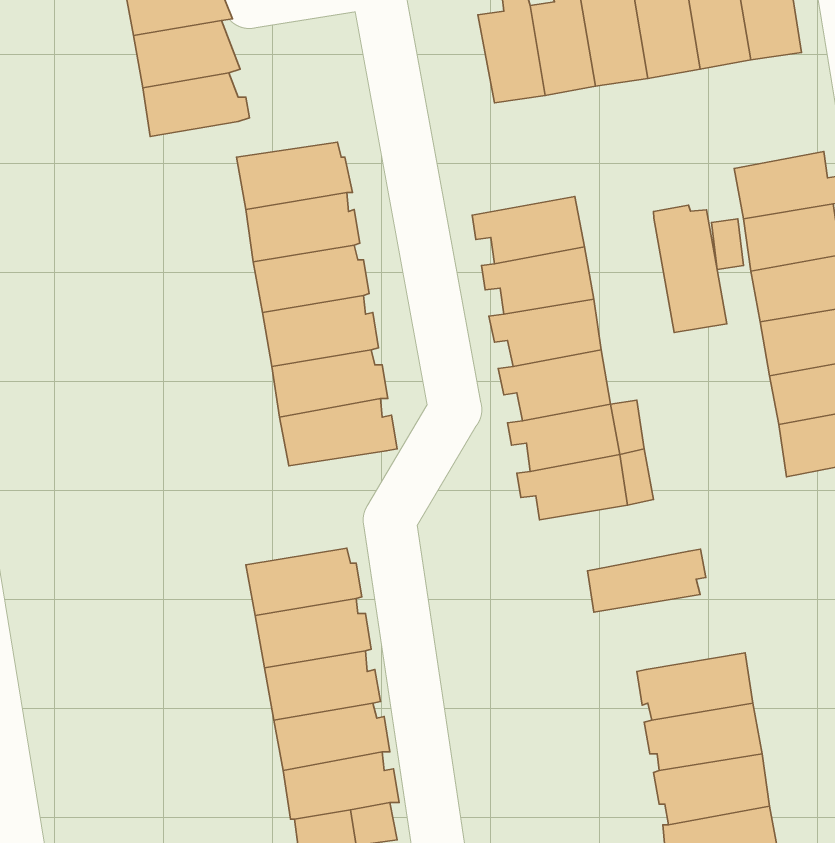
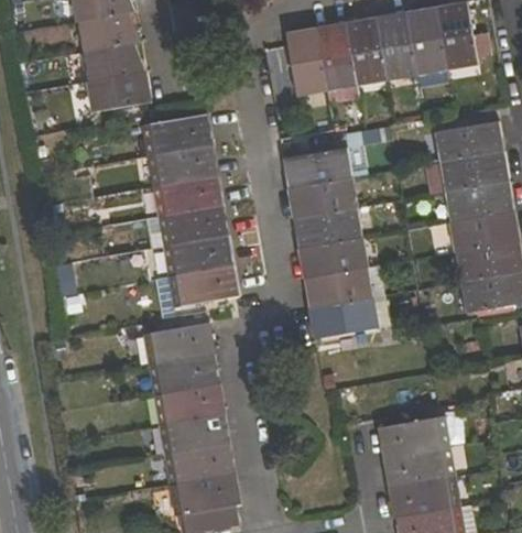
building: [654,205,727,332] -> none
building: none -> [145,324,214,365]
building: [587,549,706,612] -> none

